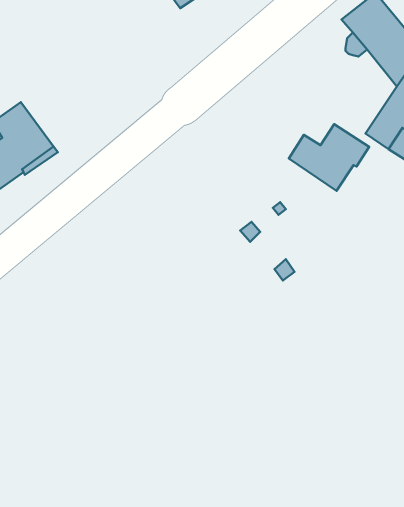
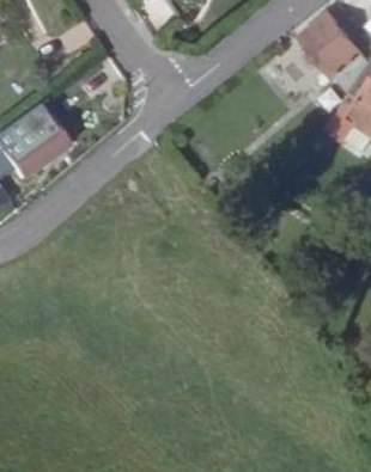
building: [289,124,369,191] -> none

